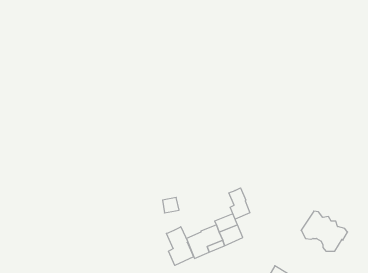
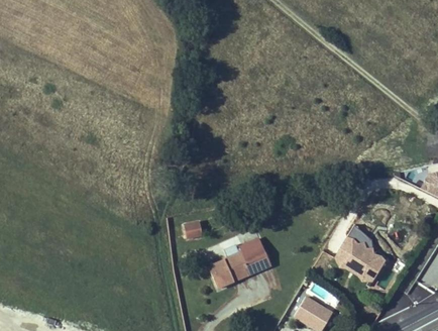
building: [229,188,250,219] -> none
building: [166,227,193,265] -> none

